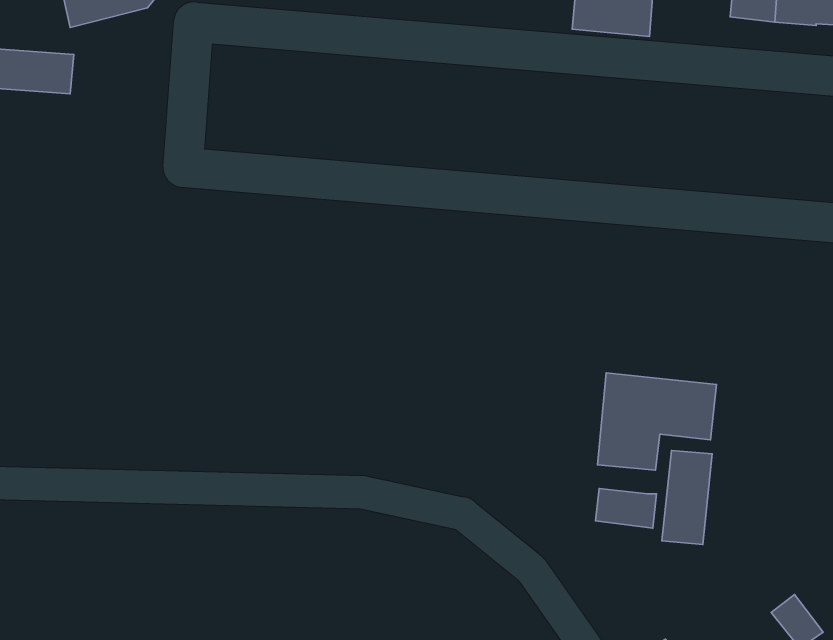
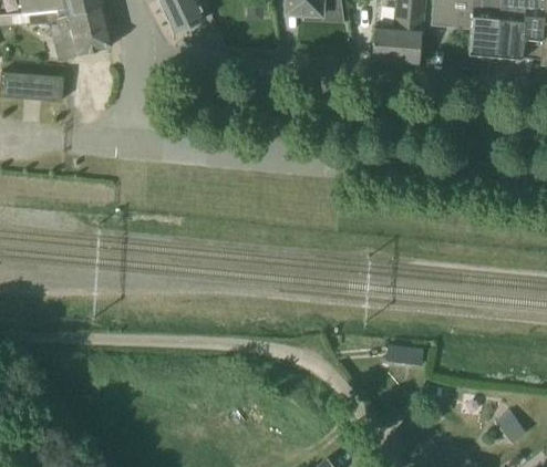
building: [597,373,716,470] -> none
building: [662,450,712,545] -> none

